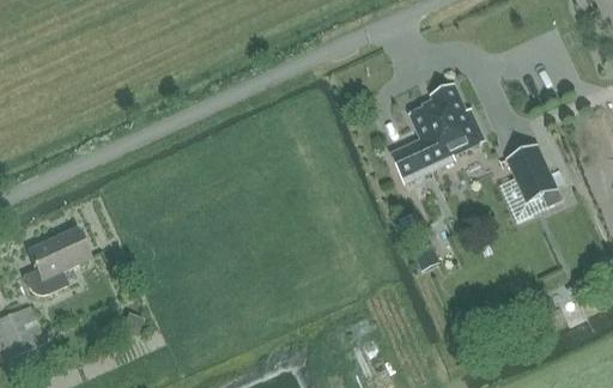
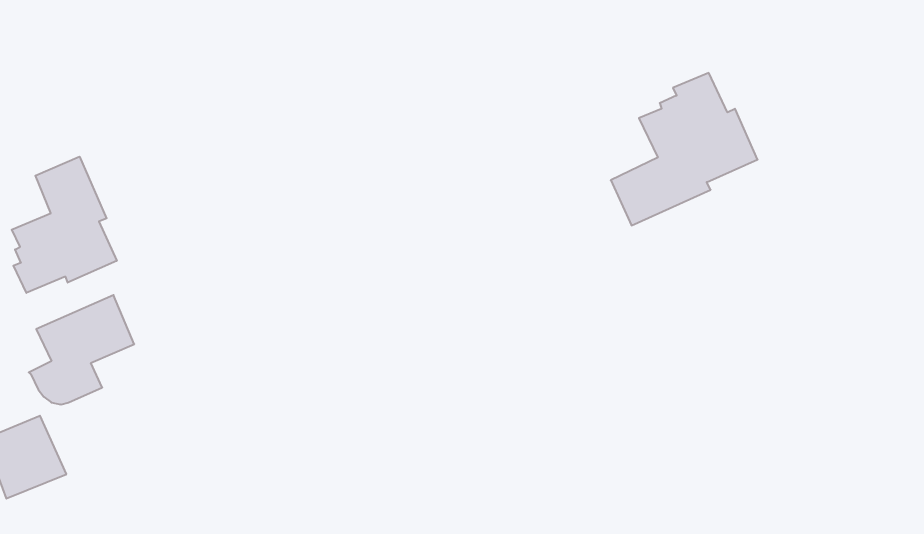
building: none -> [12,157,117,293]
building: [508,152,559,204] -> none

